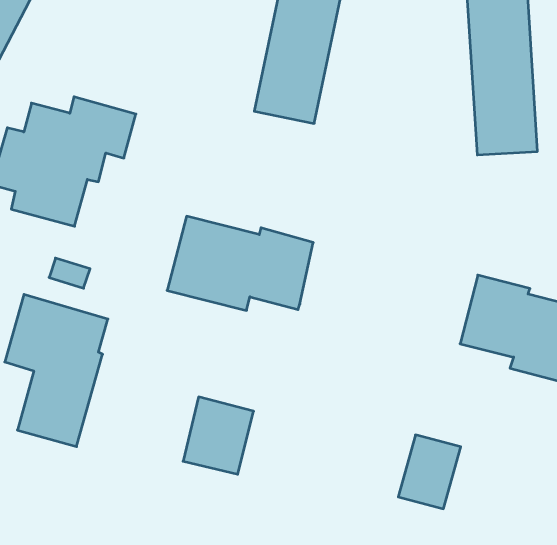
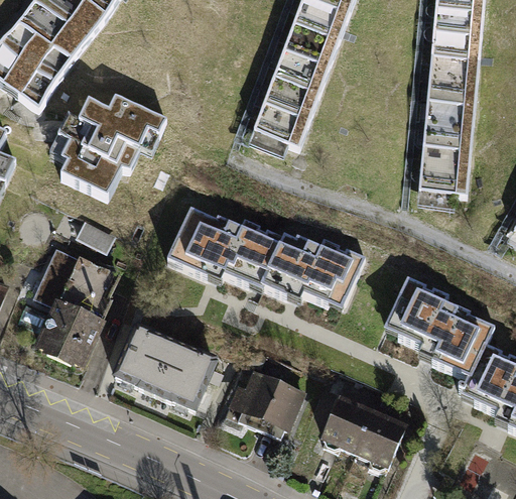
building: none -> [267,234,364,305]
building: none -> [119,328,179,391]
building: none -> [240,373,305,435]
building: none -> [354,411,406,471]

